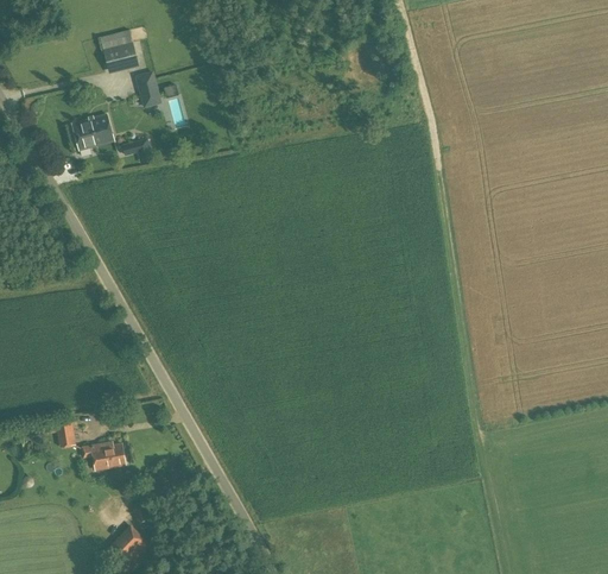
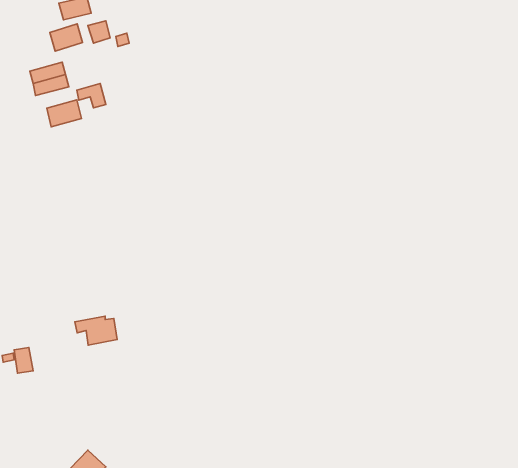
building: none -> [50,24,83,51]
building: none -> [47,100,81,127]
building: [80,440,125,471] -> [75,316,117,345]

